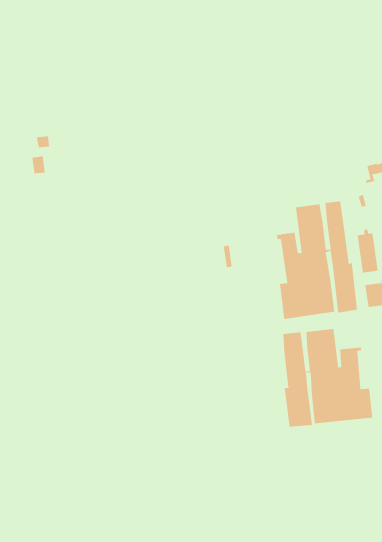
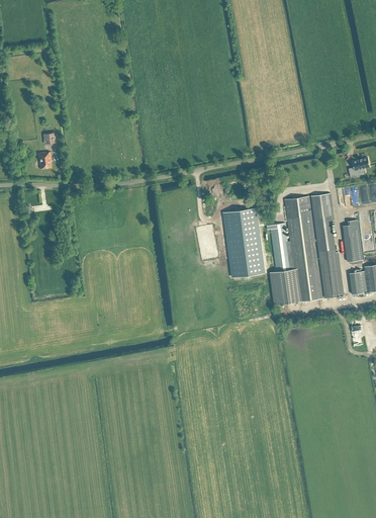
building: none -> [223,207,264,277]
building: [283,328,373,428] -> none

